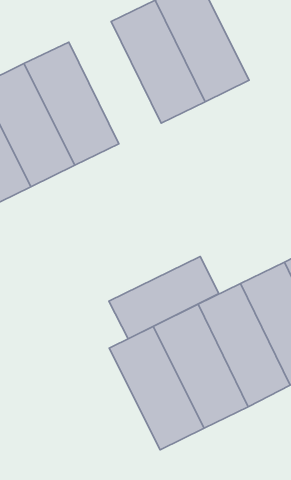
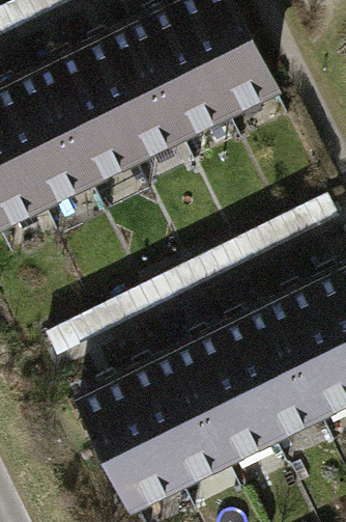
building: none -> [89,31,186,161]
building: [109,256,219,339] -> none
building: none -> [84,378,185,509]

